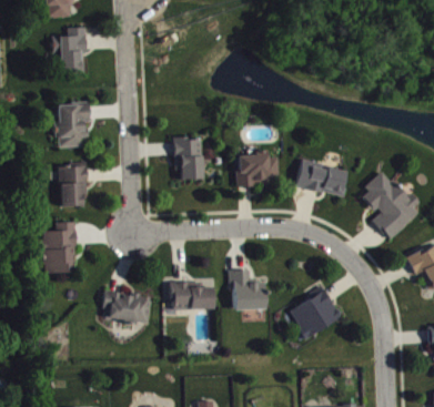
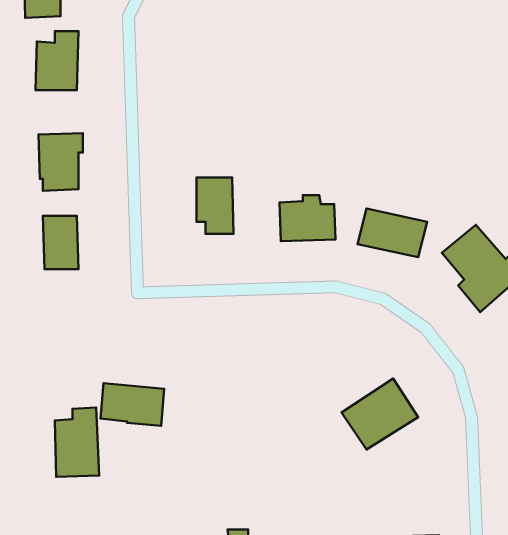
building: [42,221,75,273] -> [55,407,99,477]
building: [231,269,264,309] -> none
building: [170,282,213,309] -> none

